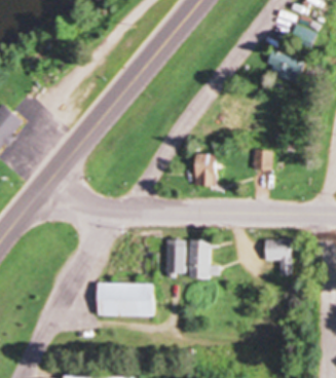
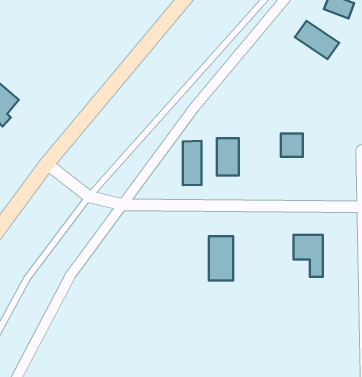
building: none -> [183,141,202,185]
building: [166,240,185,275] -> none
building: [97,284,152,317] -> none

